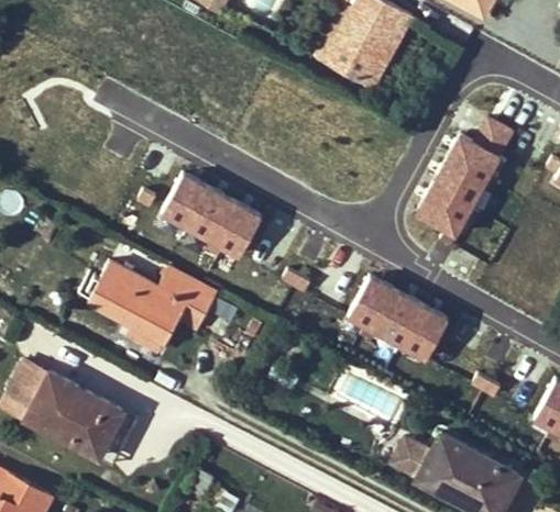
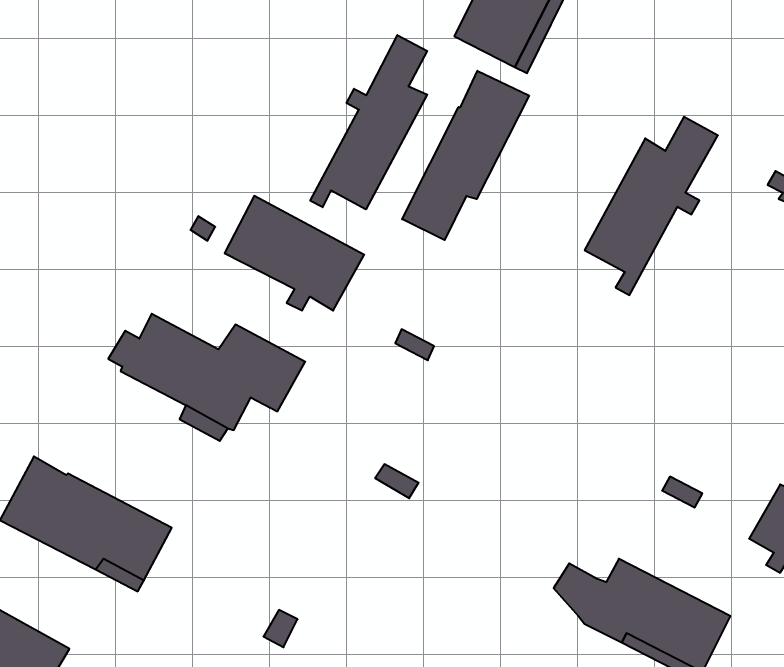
building: none -> [310,35,427,209]
building: none -> [402,71,529,240]
building: [348,278,448,359] -> none

